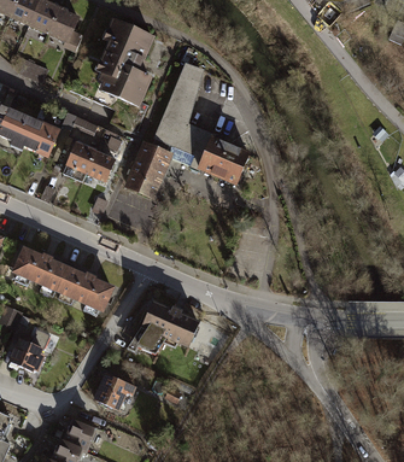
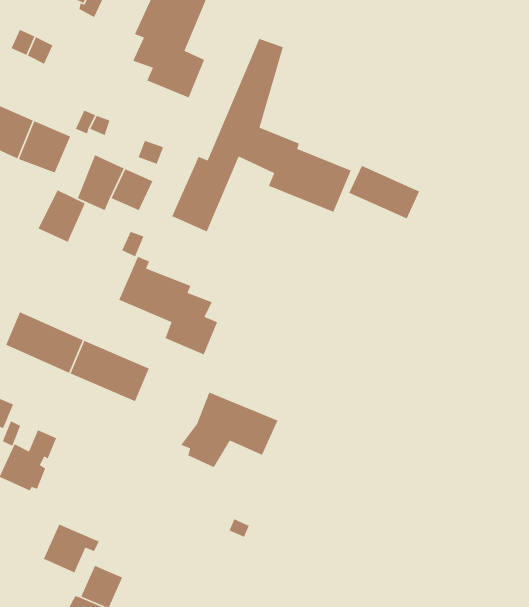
building: none -> [348,165,420,220]
building: none -> [38,189,86,243]
building: none -> [118,256,218,356]
building: [95,373,134,407] -> [43,523,100,573]

